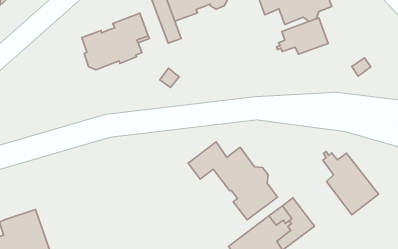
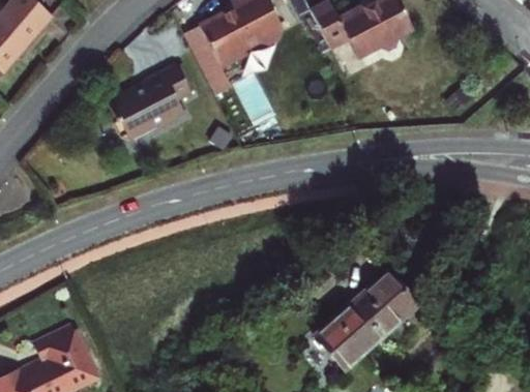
building: [277,18,328,54] -> none
building: [188,142,277,220] -> none
building: [323,152,378,215] -> none

